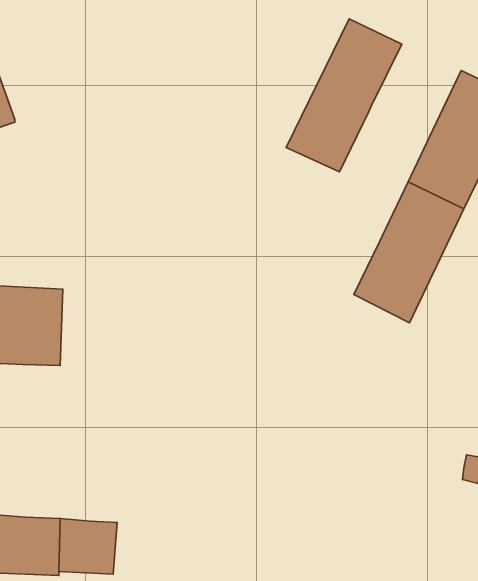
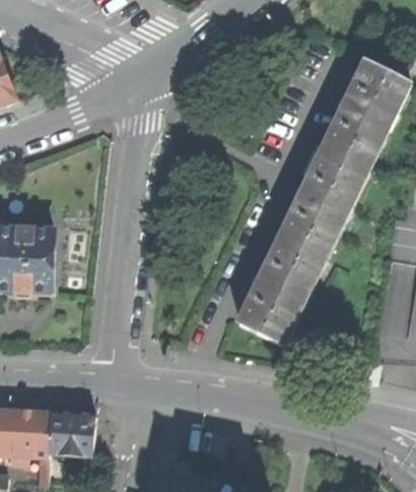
building: [286,19,402,172] -> none
building: none -> [241,234,327,343]

